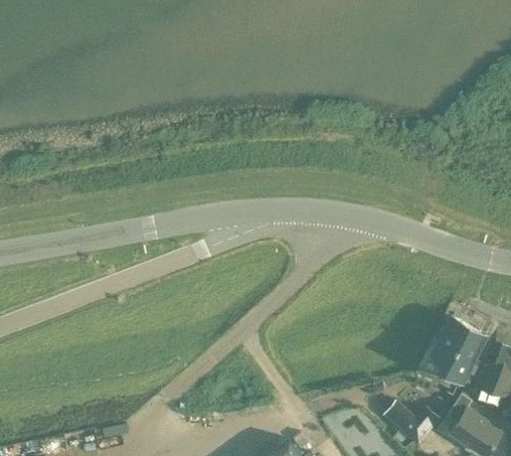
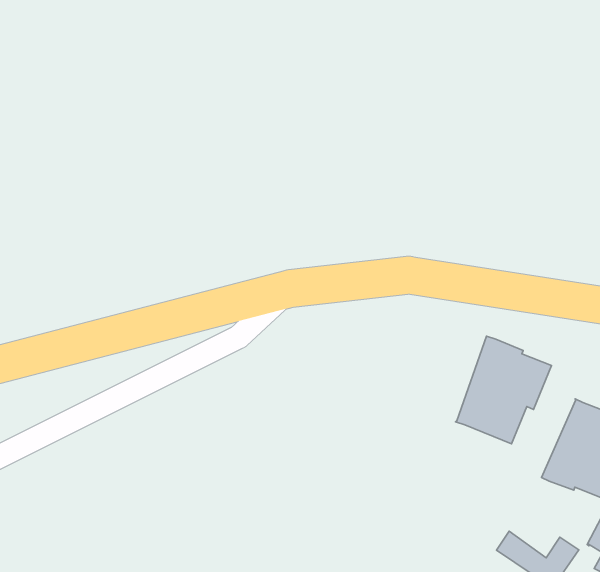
building: none -> [456,336,551,444]

